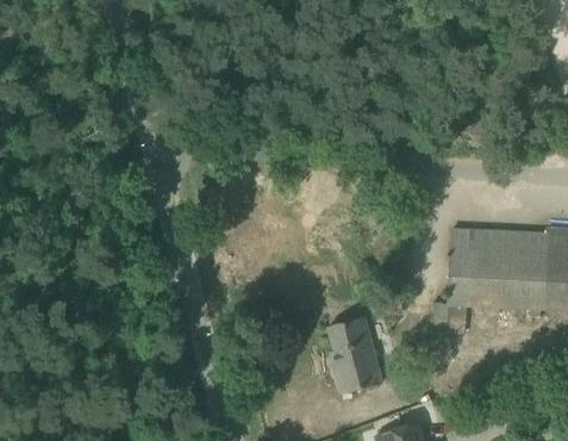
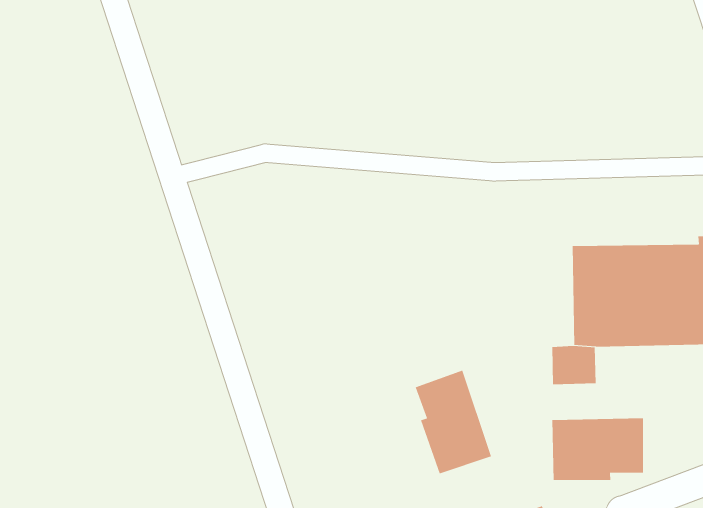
building: none -> [552,418,644,481]

